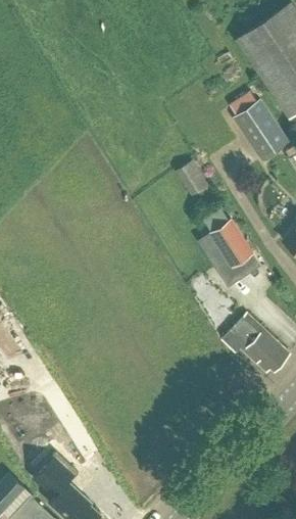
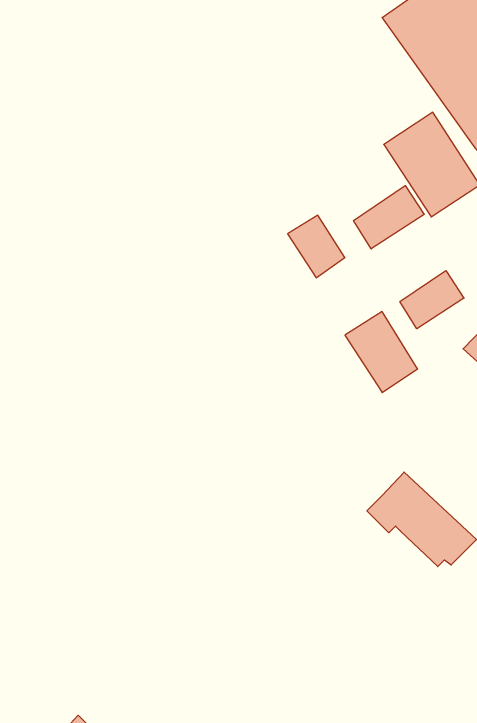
building: none -> [354,186,424,249]
building: none -> [400,271,464,329]

